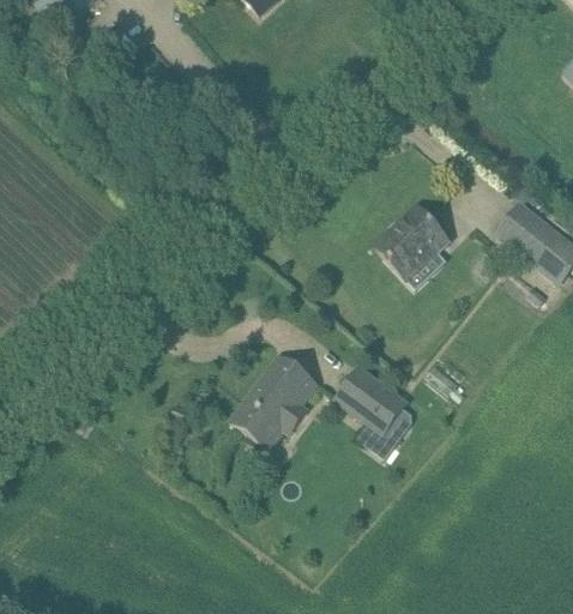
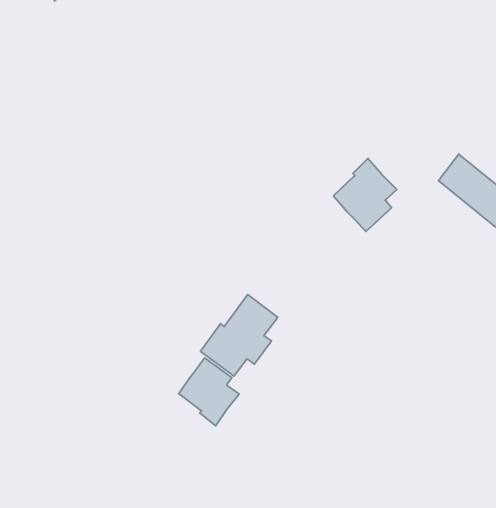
building: [334,363,411,456] -> none
building: none -> [179,358,239,426]

